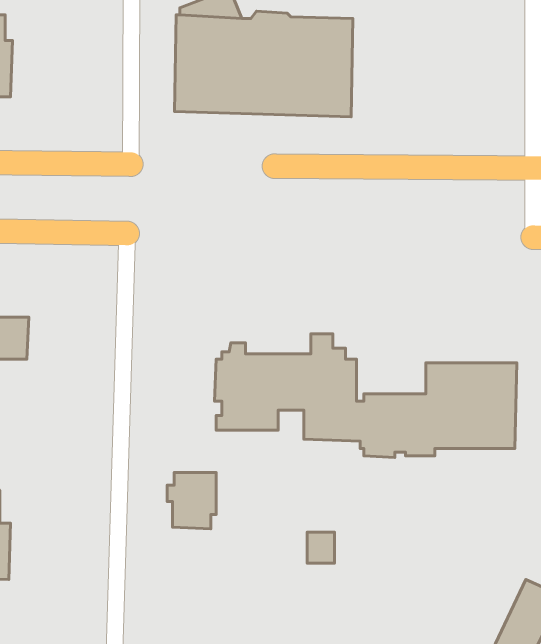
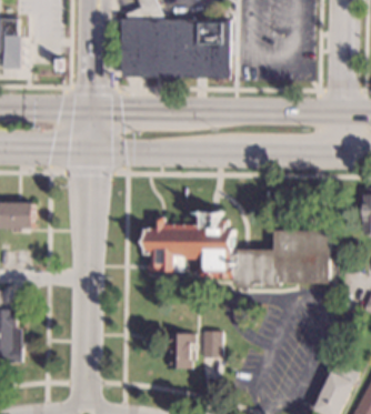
building: [167,472,216,529] -> [166,333,195,367]

